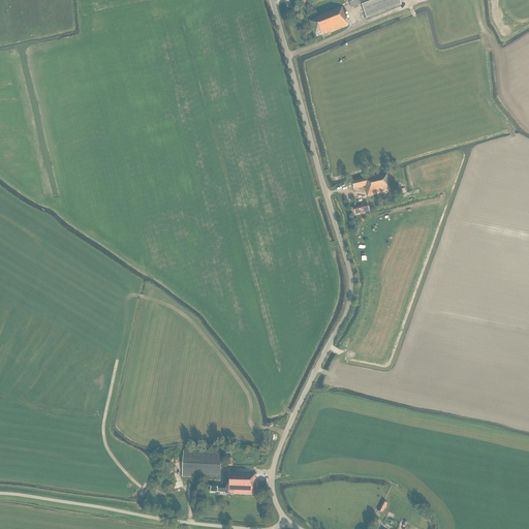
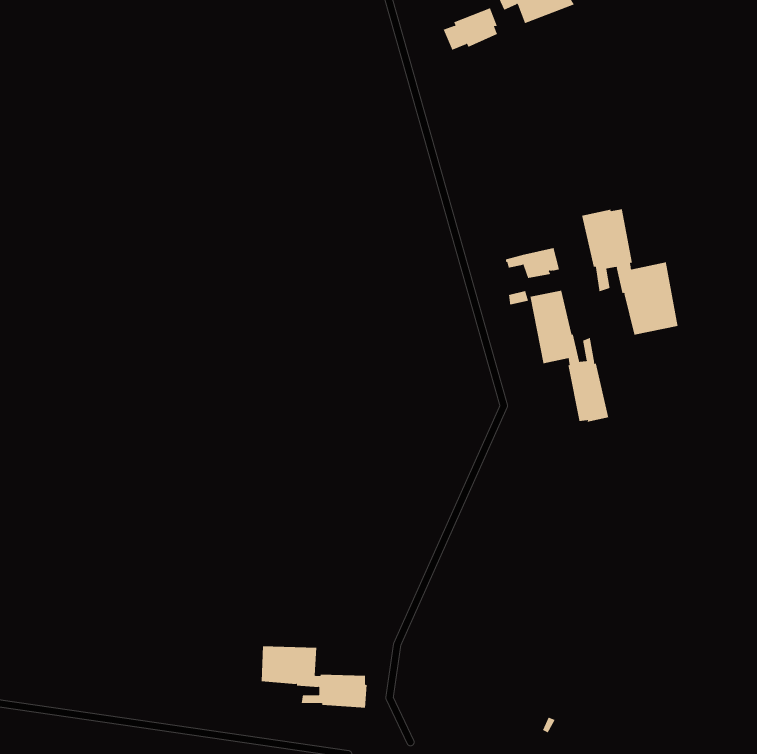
building: none -> [582,209,678,335]
building: none -> [530,290,609,423]

